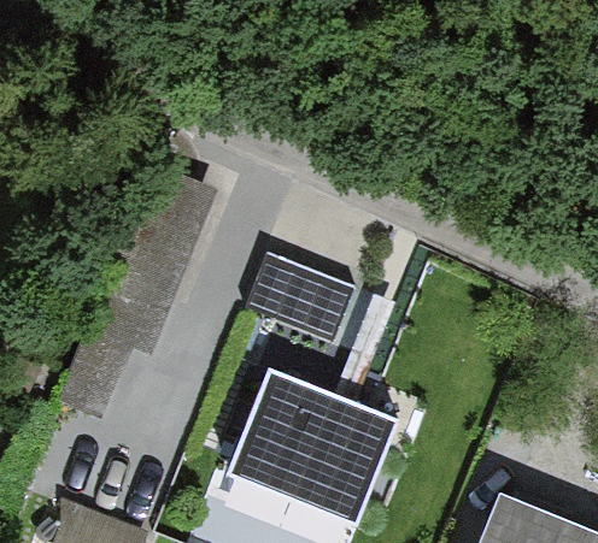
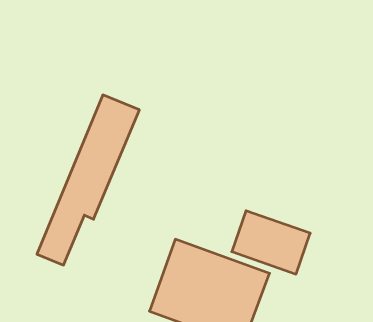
building: [244,253,357,344] -> [232,211,310,274]

